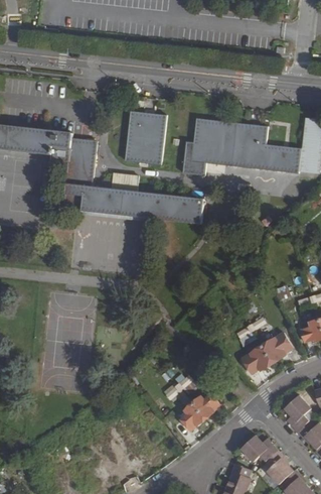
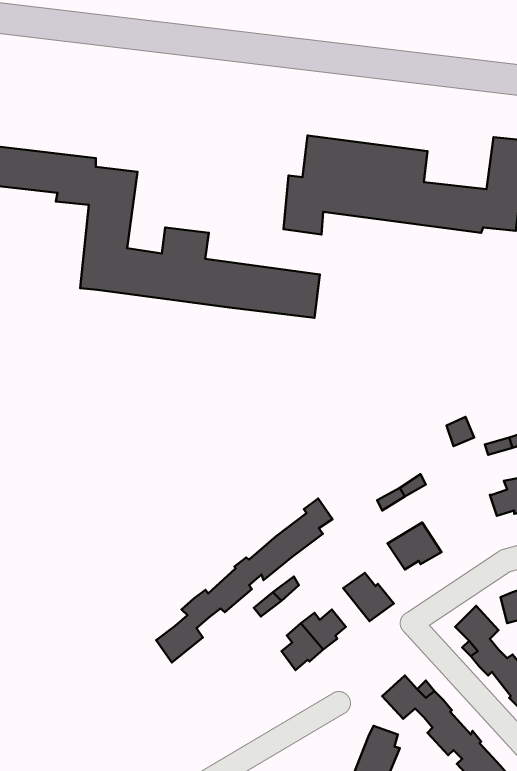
building: [126,112,167,165] -> none
building: none -> [156,499,332,663]
building: [263,332,293,362] -> none
building: none -> [343,573,394,621]

